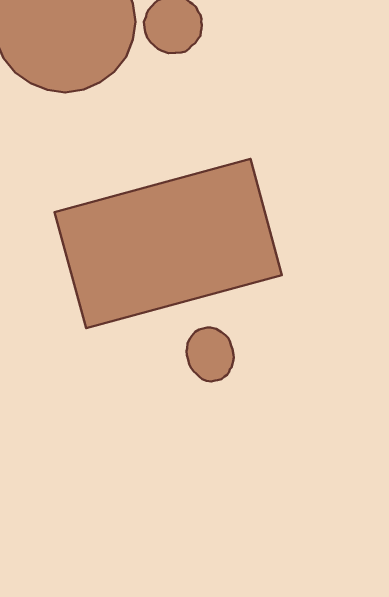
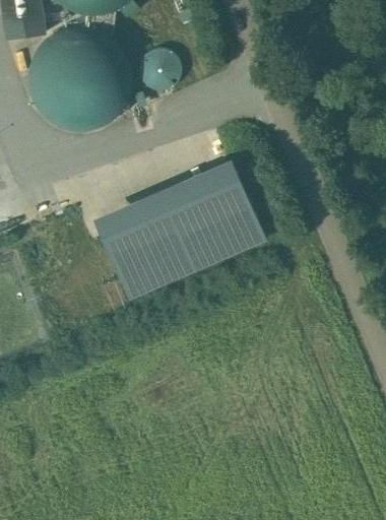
building: [187,327,234,382] -> none

